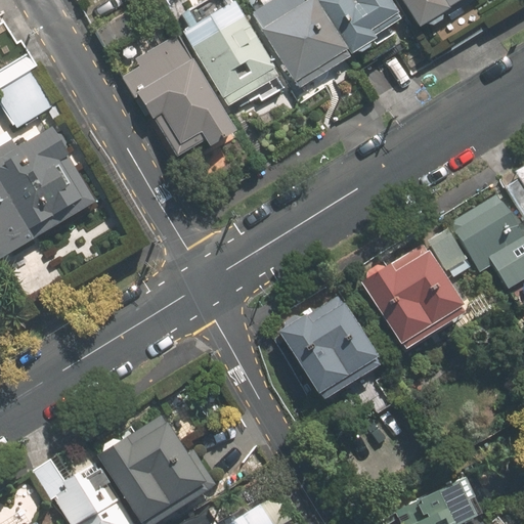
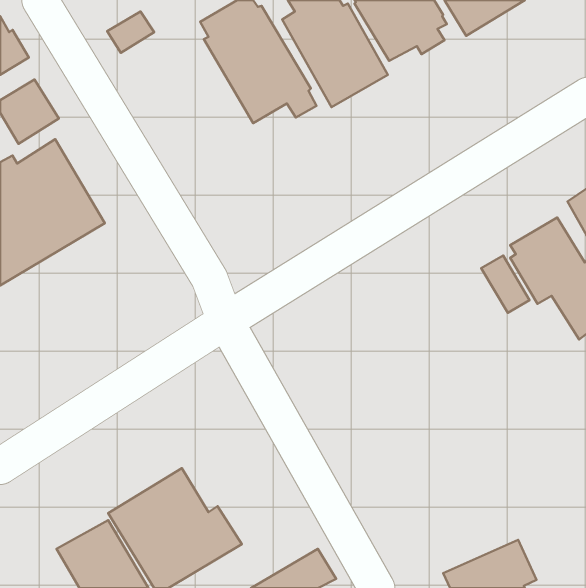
building: [124,39,232,159] -> none
building: [358,242,462,344] -> none
building: [278,293,378,395] -> none

